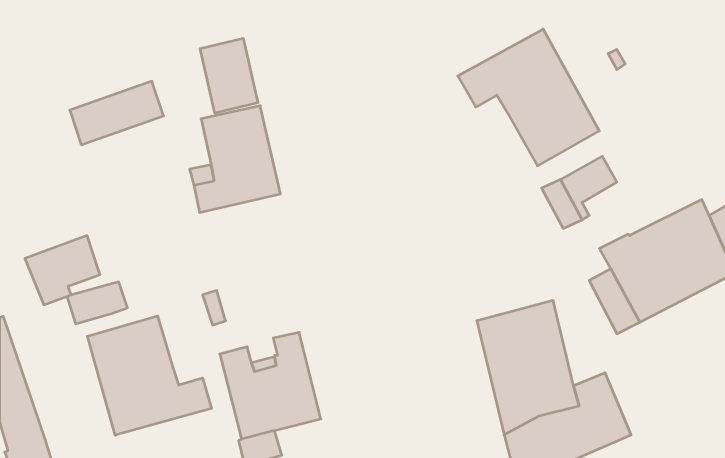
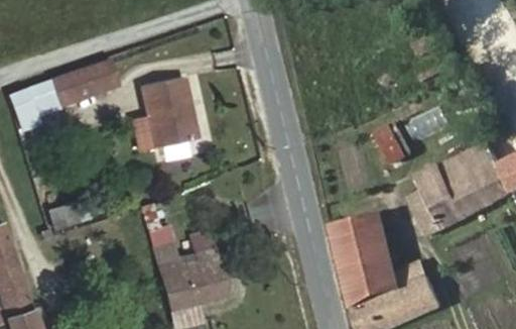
building: [458,29,599,166] -> none
building: [200,38,258,113] -> none
building: [25,236,100,305] -> [6,79,58,127]
building: [87,316,212,435] -> none

